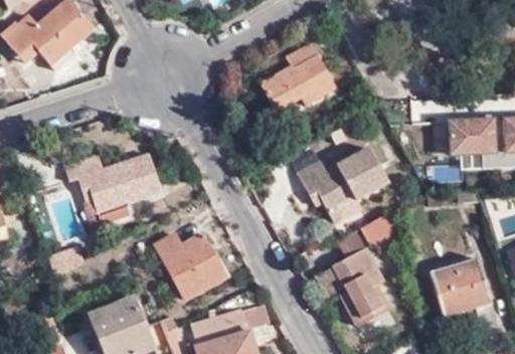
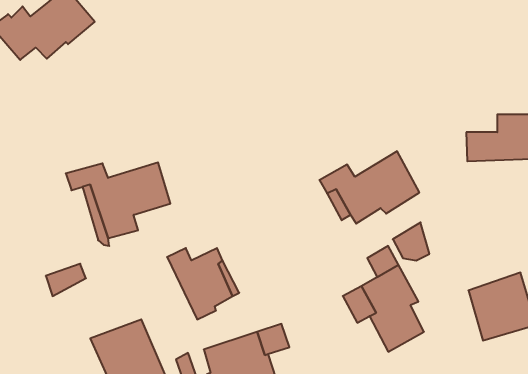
building: [259,44,335,113] -> none

